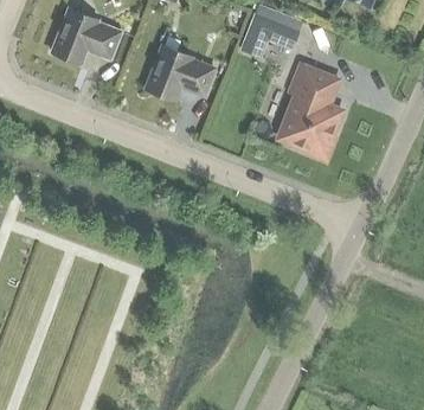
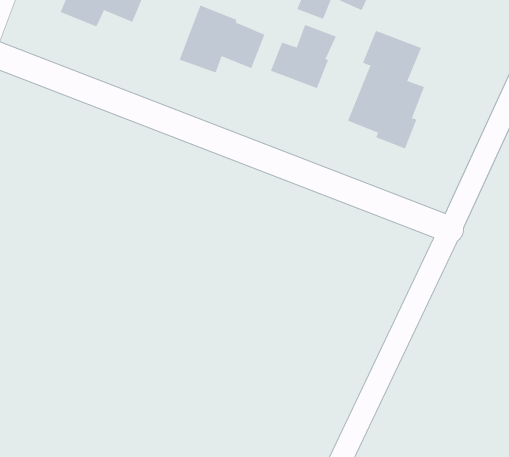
building: none -> [270,24,336,89]

